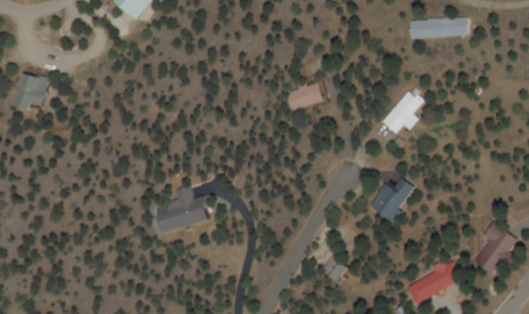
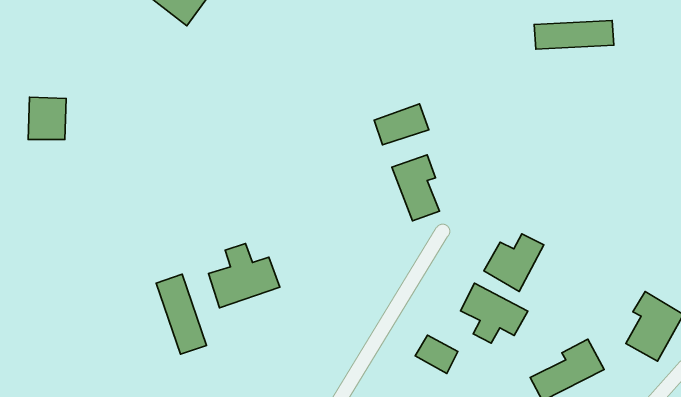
building: [378,89,419,134] -> none
building: none -> [392,155,439,221]
building: none -> [156,274,207,354]
building: none -> [461,283,528,343]

